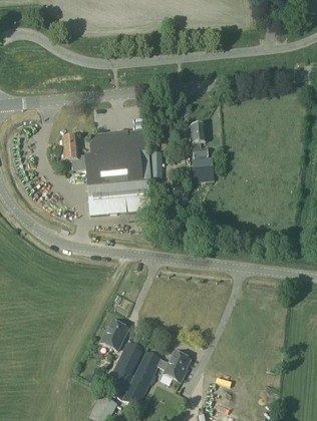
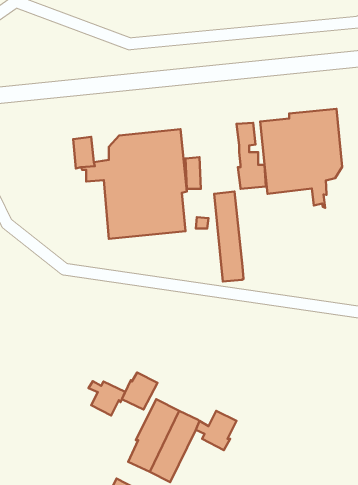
building: none -> [260,109,342,208]
building: none -> [214,191,243,282]
building: none -> [89,381,125,415]

